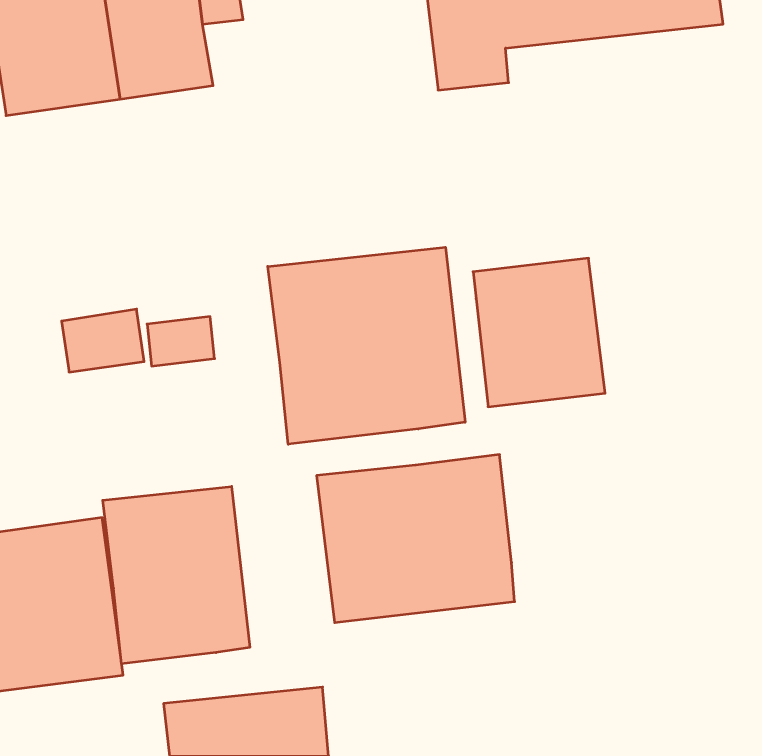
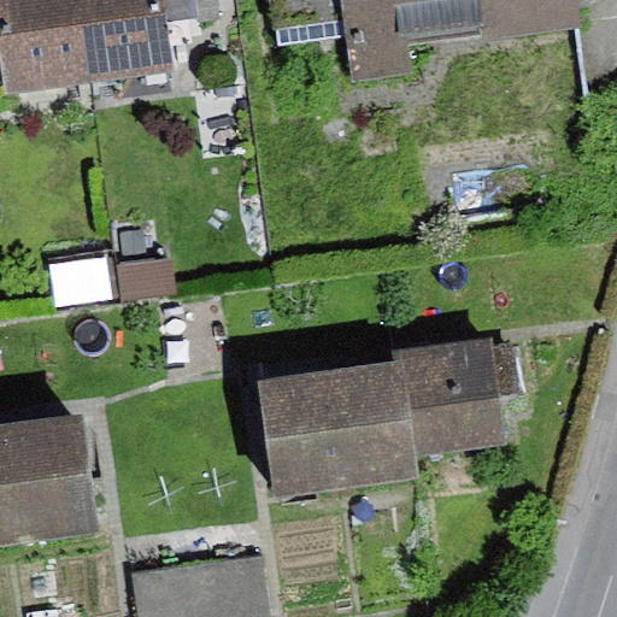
building: [268,247,465,444] -> none
building: [473,258,605,407] -> [399,333,505,452]
building: [103,486,250,664] -> none

